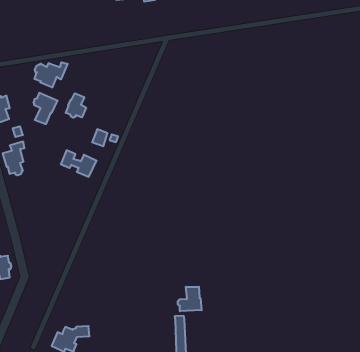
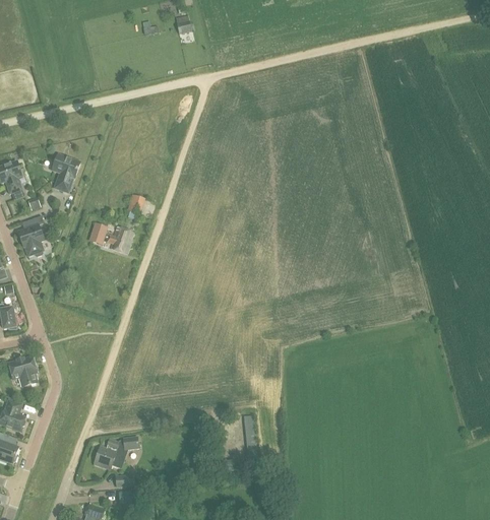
building: [34,62,68,88] -> none
building: [66,93,86,118] -> none
building: [178,287,202,311] -> none

